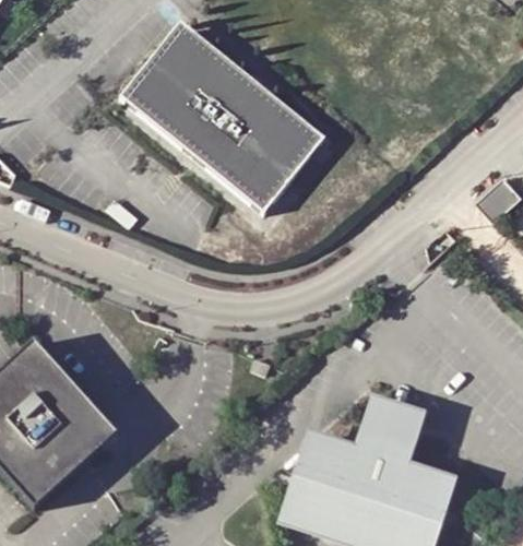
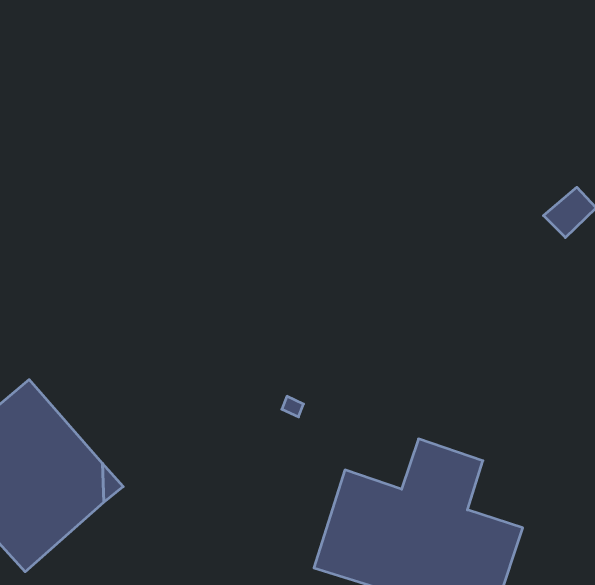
building: [122,31,319,215] -> none

